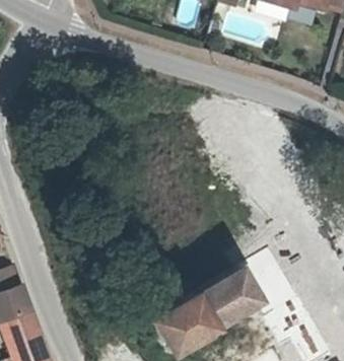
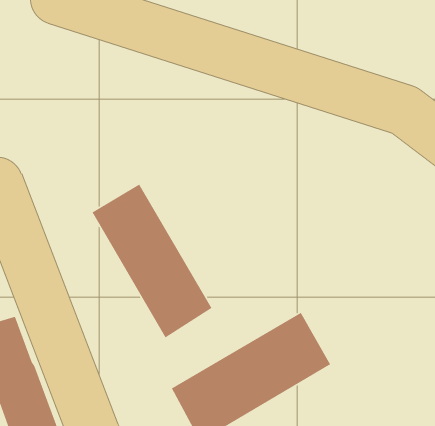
building: none -> [92,184,212,339]

